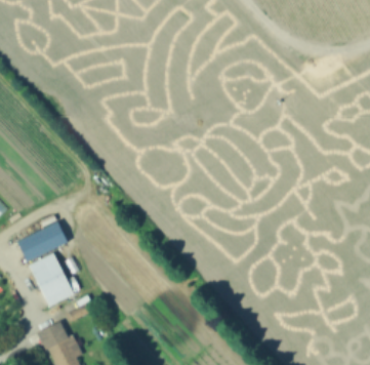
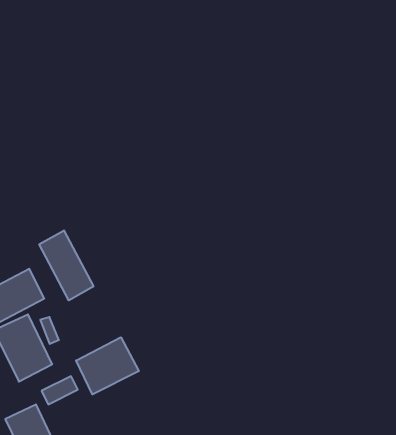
building: none -> [39,230,93,300]
building: none -> [76,337,139,394]

